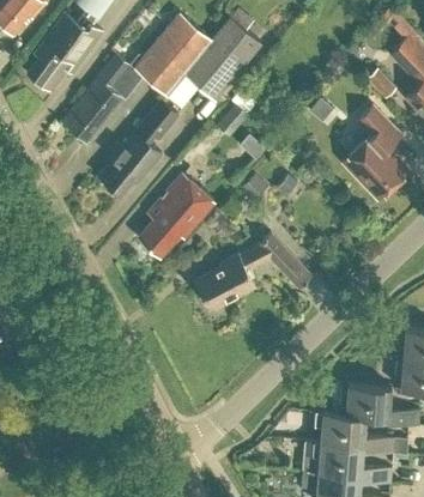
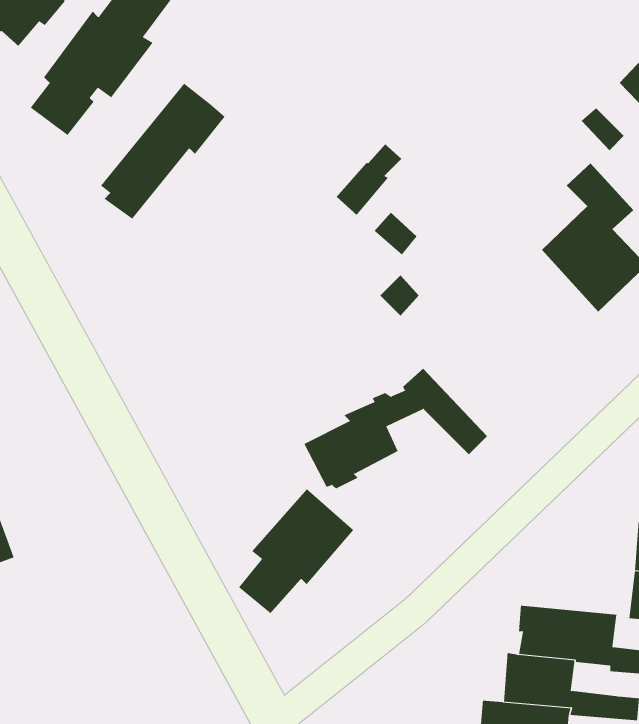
building: [135,12,262,97] -> none
building: [102,99,181,194] -> none
building: [141,177,214,256] -> [238,488,354,614]

